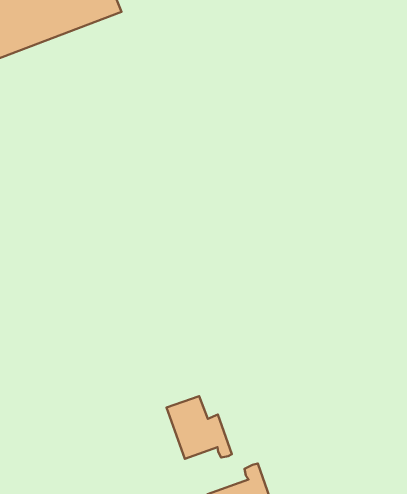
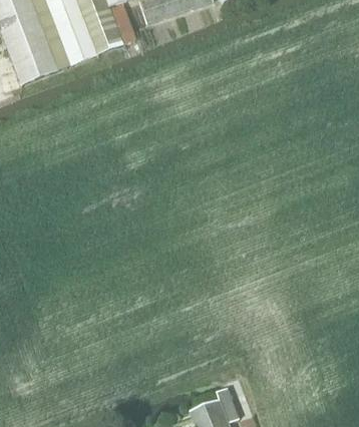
building: [167,396,232,459] -> none

